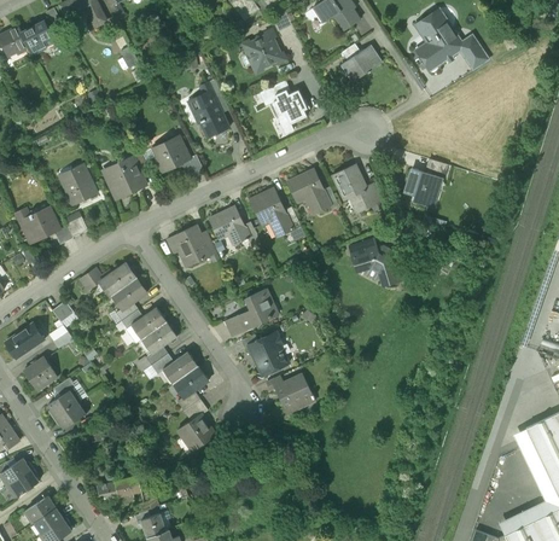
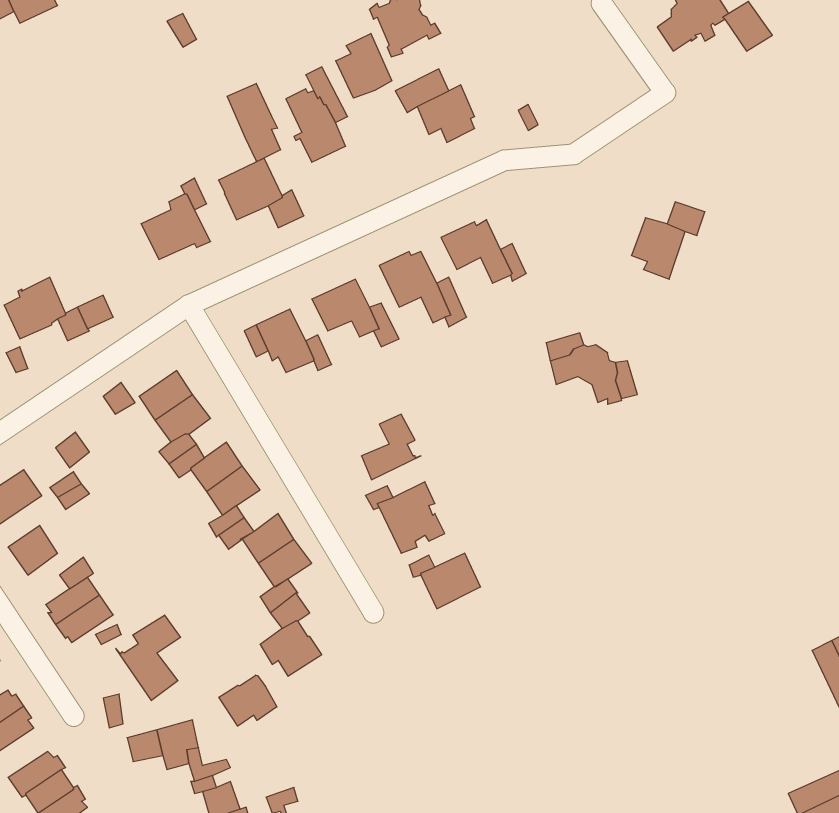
building: [345,46,382,80] -> none
building: none -> [336,33,392,98]
building: none -> [227,83,280,161]
building: [59,163,97,204] -> none
building: [332,165,379,213] -> none
building: none -> [116,615,181,701]
building: none -> [219,675,277,726]

